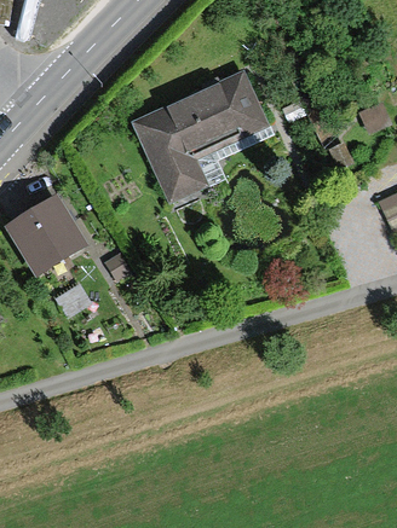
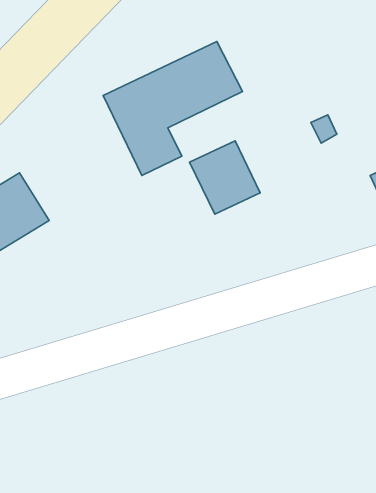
building: none -> [190,141,260,214]

